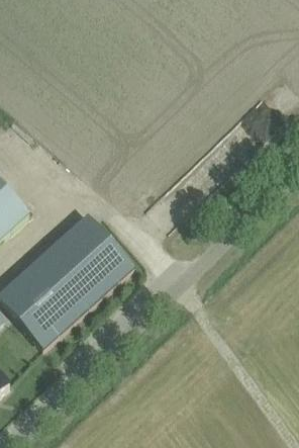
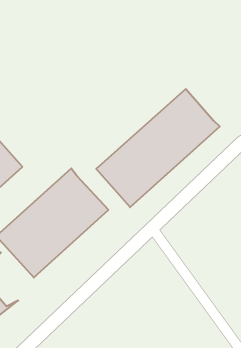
building: none -> [96,89,220,207]

